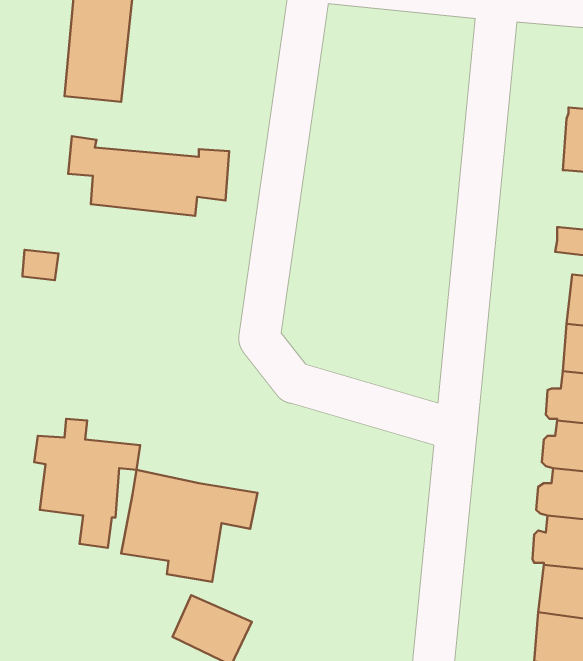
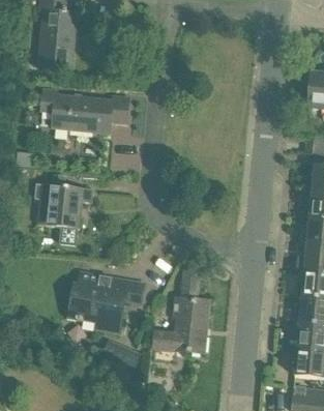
building: [34,419,140,548] -> [34,173,92,243]
building: none -> [153,270,210,352]

